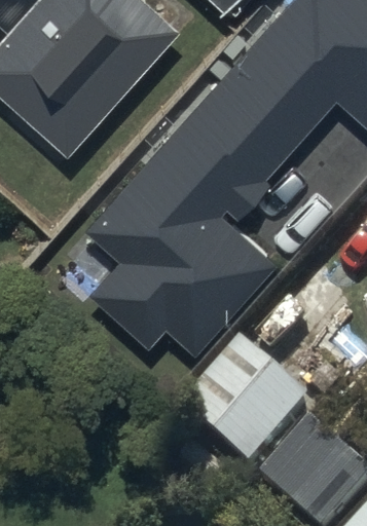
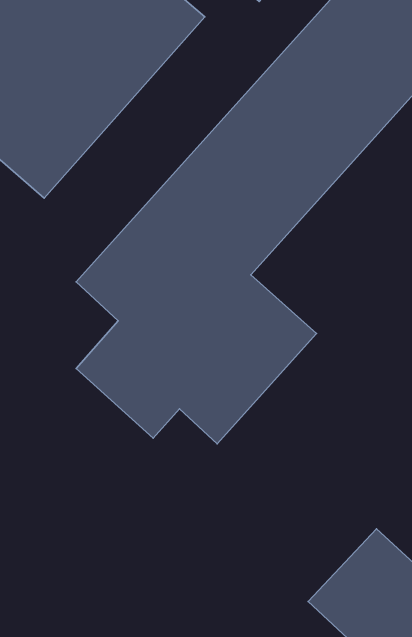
building: [183,321,310,447] -> none

